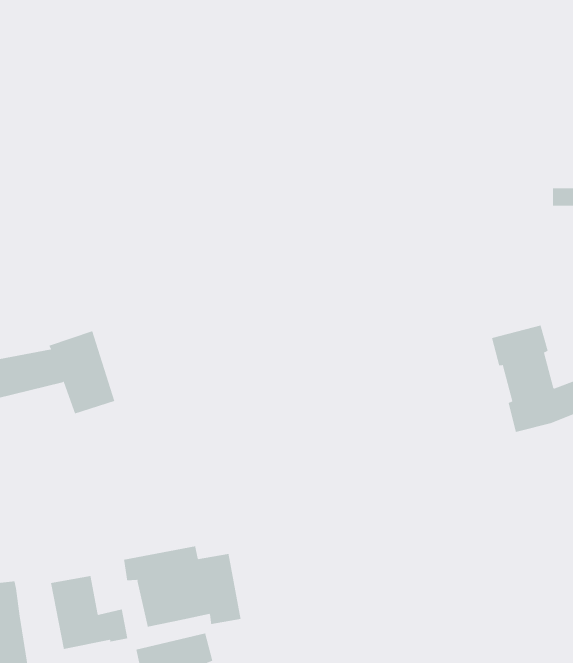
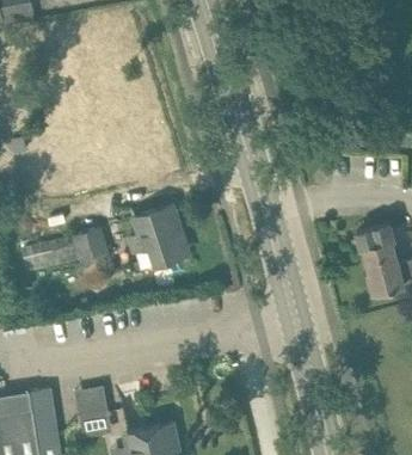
building: none -> [129,205,180,265]
building: [124,546,241,628] -> none

